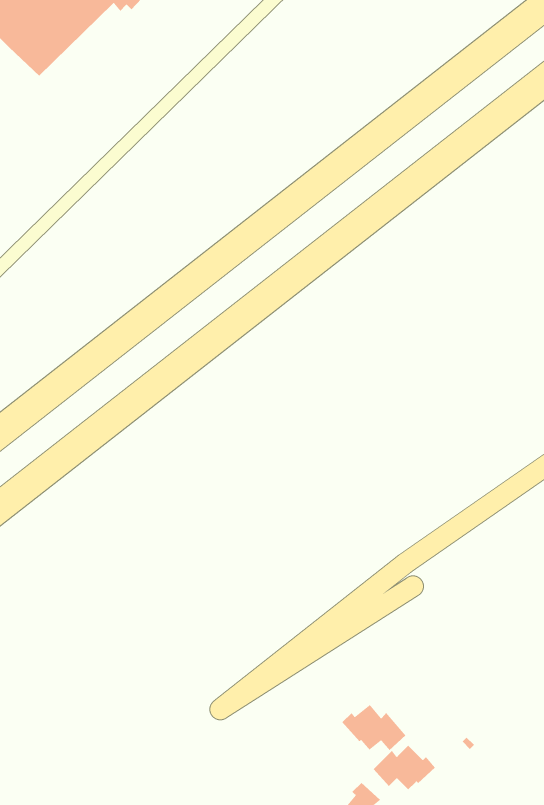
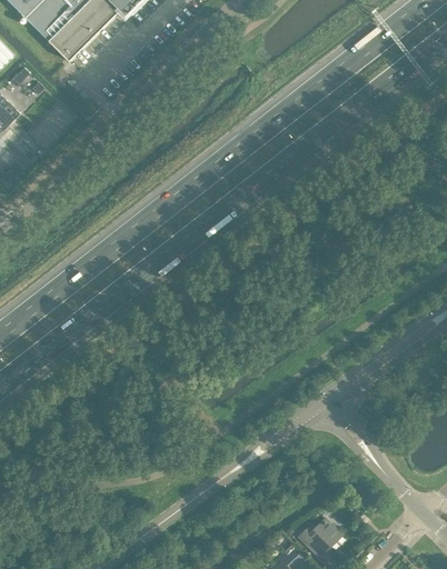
building: [341,704,406,751] -> none

